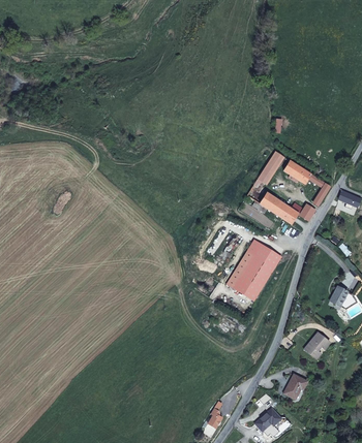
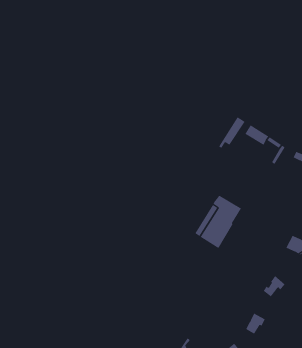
building: [260,193,315,225] -> none

